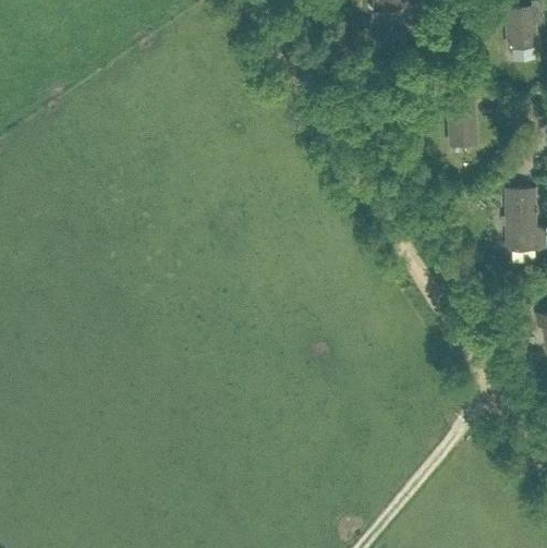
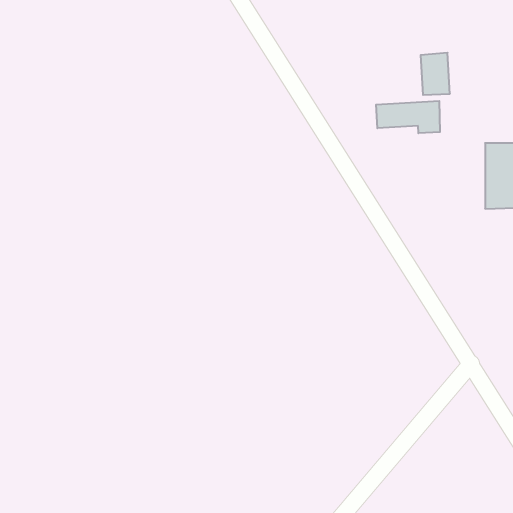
building: none -> [376,101,440,133]

